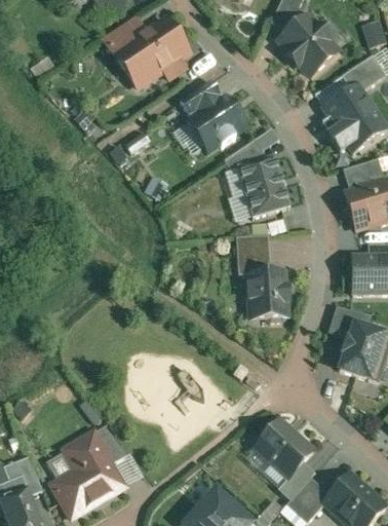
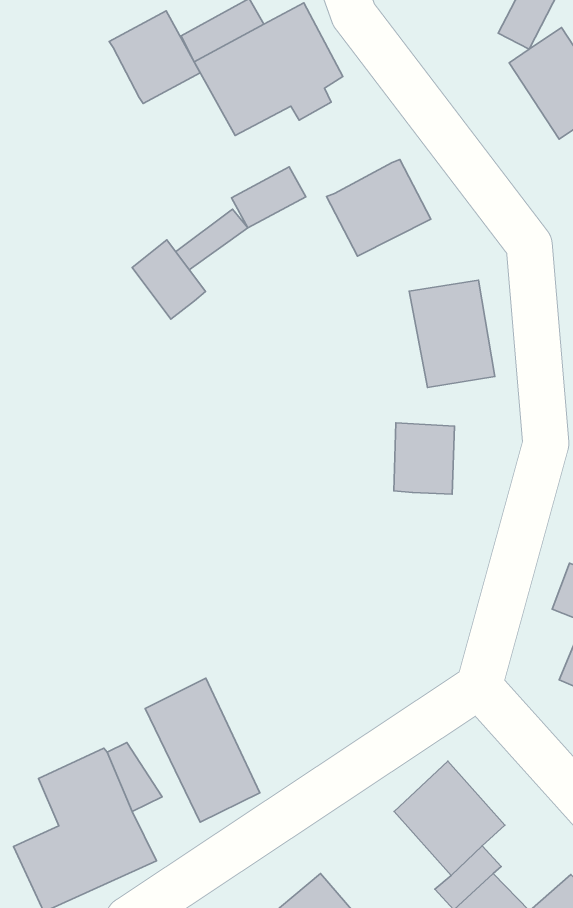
building: none -> [109,11,200,104]
building: [182,81,222,116] -> [232,167,306,228]
building: none -> [132,240,205,319]
building: [248,272,285,323] -> none
building: none -> [145,678,260,822]

